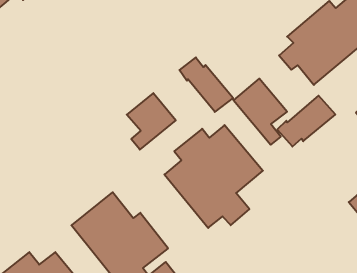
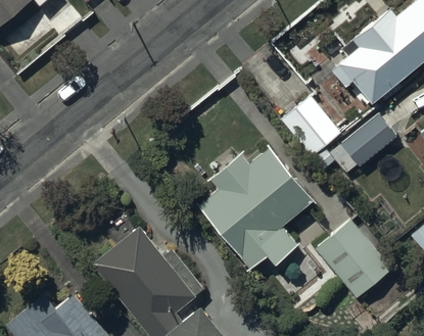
building: [179,57,233,112] -> none
building: [127,93,176,150] -> none
building: none -> [316,218,395,298]

